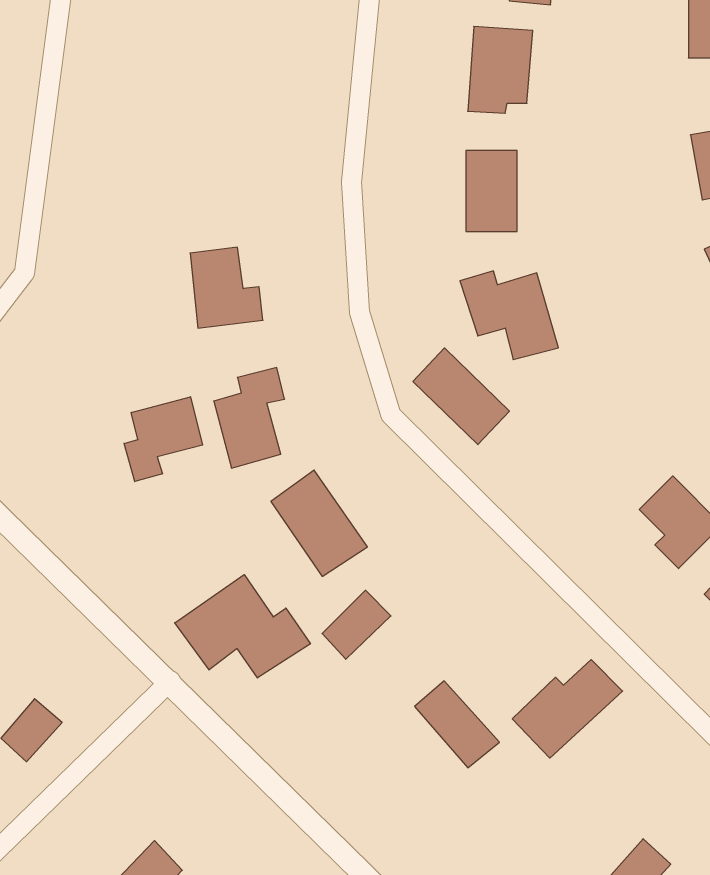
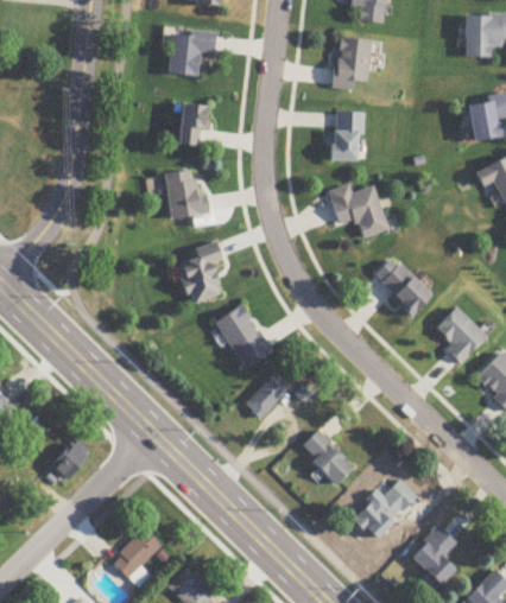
building: none -> [169,30,214,76]
building: none -> [178,103,204,146]
building: [413,348,509,445] -> [373,256,431,315]
building: [124,397,203,482] -> none
building: [175,575,310,678] -> none
building: [512,660,623,758] -> [352,478,418,538]

